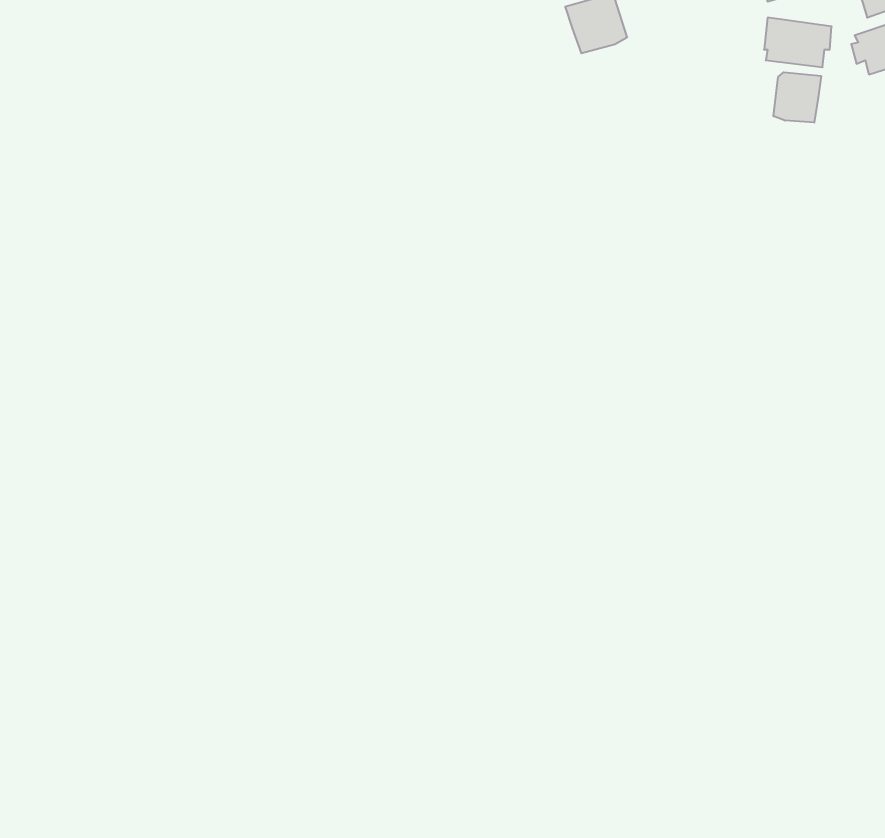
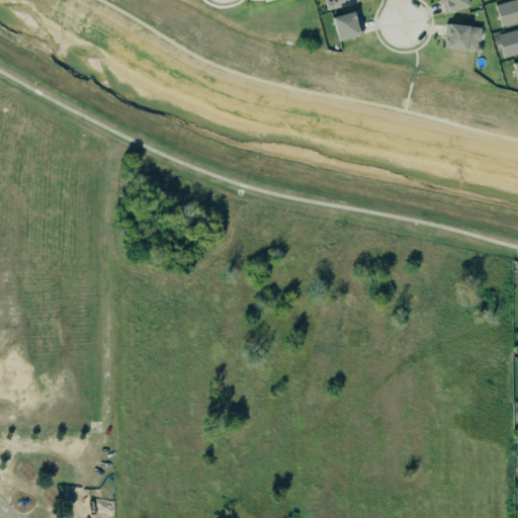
building: [773,72,821,123] -> none

